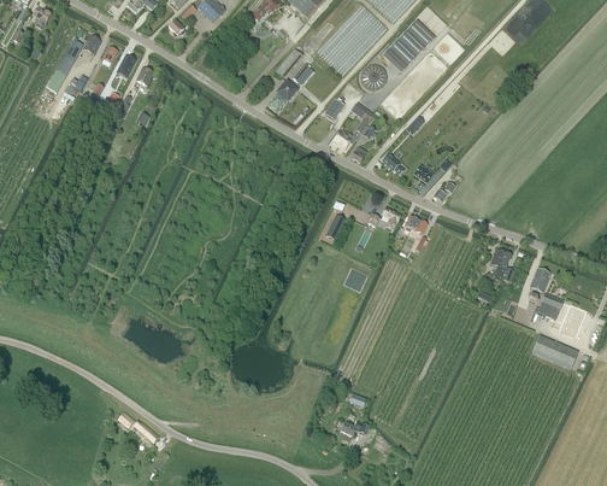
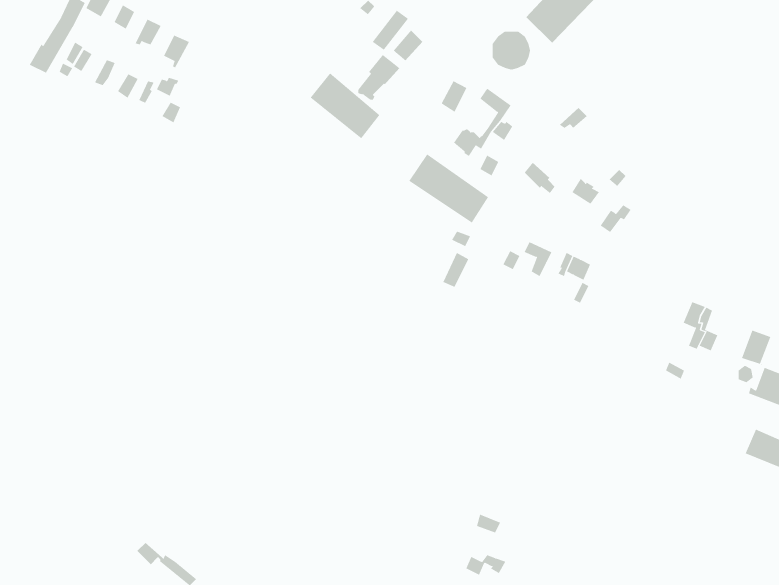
building: none -> [310,73,380,139]
building: none -> [408,153,489,224]

